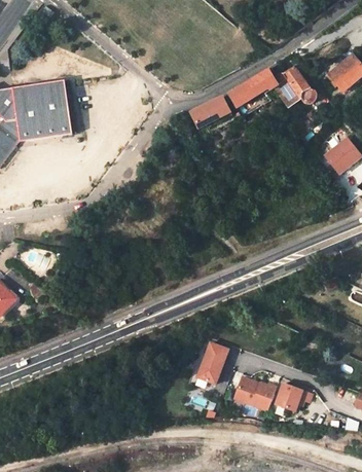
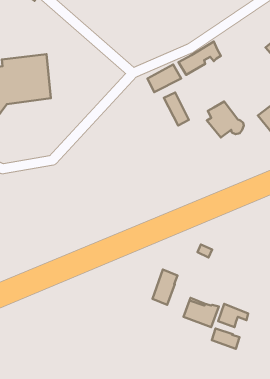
building: [273,65,317,108] -> [207,101,244,138]
building: none -> [164,92,189,126]
building: none -> [212,328,240,349]

